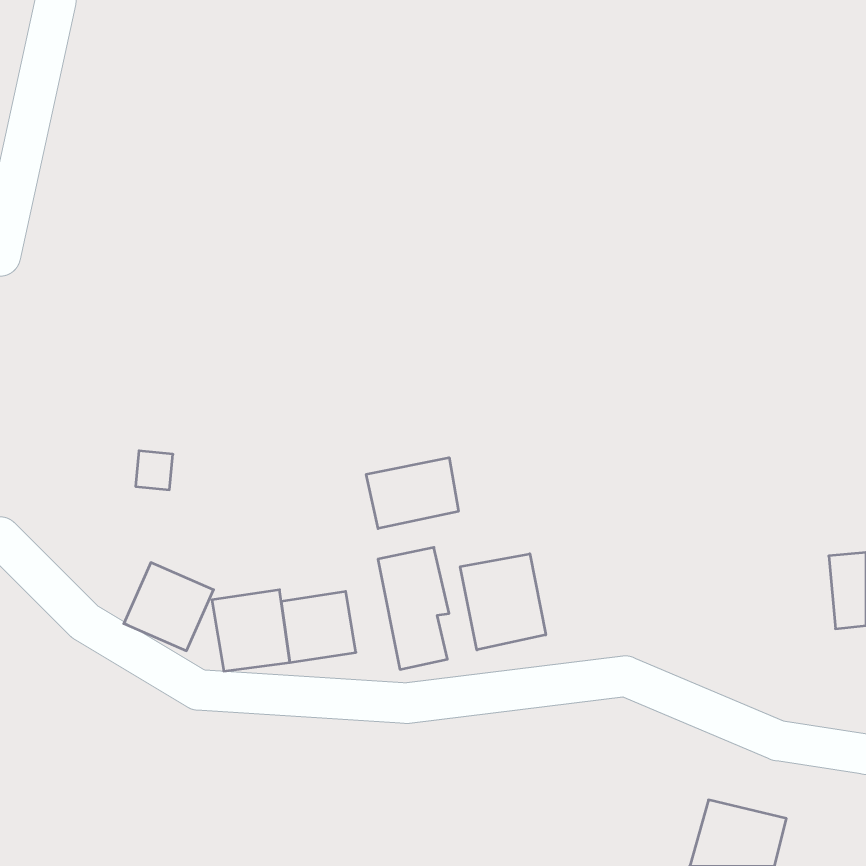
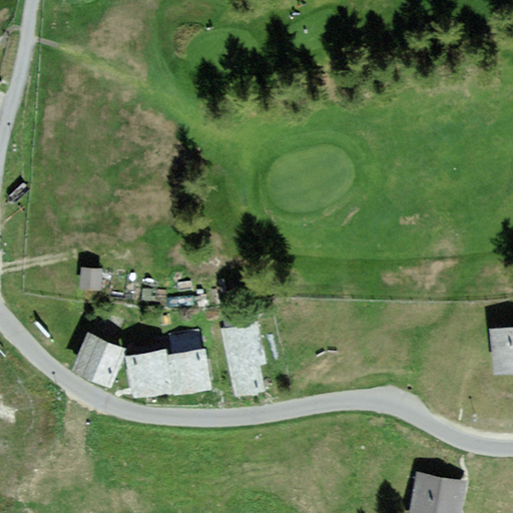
building: [366,458,458,529] -> none
building: [460,554,546,650] -> none

